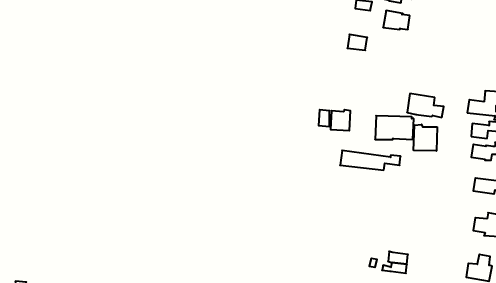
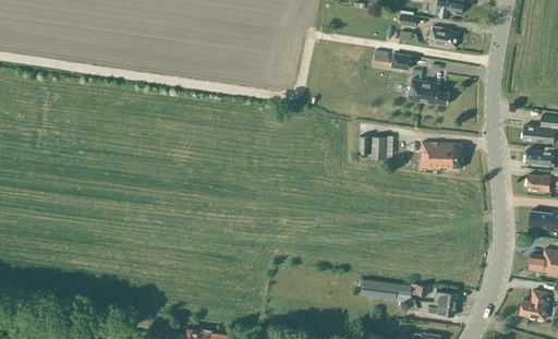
building: [407,94,444,117] -> [410,78,450,105]
building: [414,124,437,151] -> none
building: [340,150,401,170] -> [362,279,428,301]

